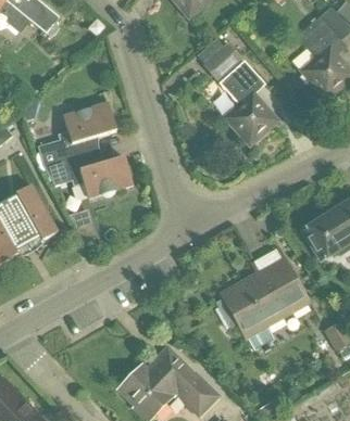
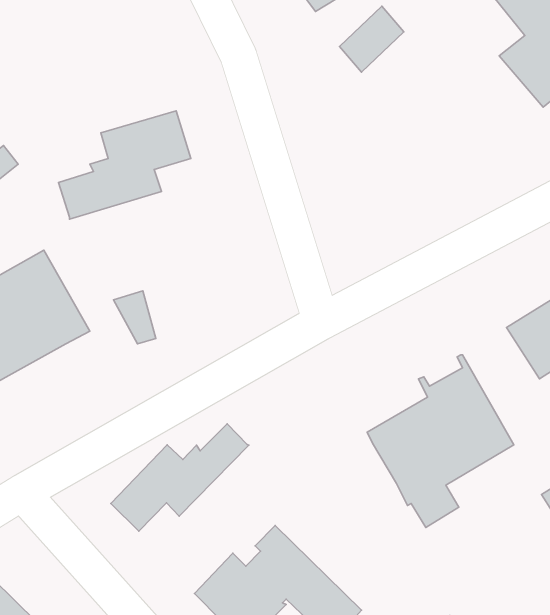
building: [218,60,278,146] -> none
building: [45,150,133,197] -> none
building: none -> [111,424,249,531]

